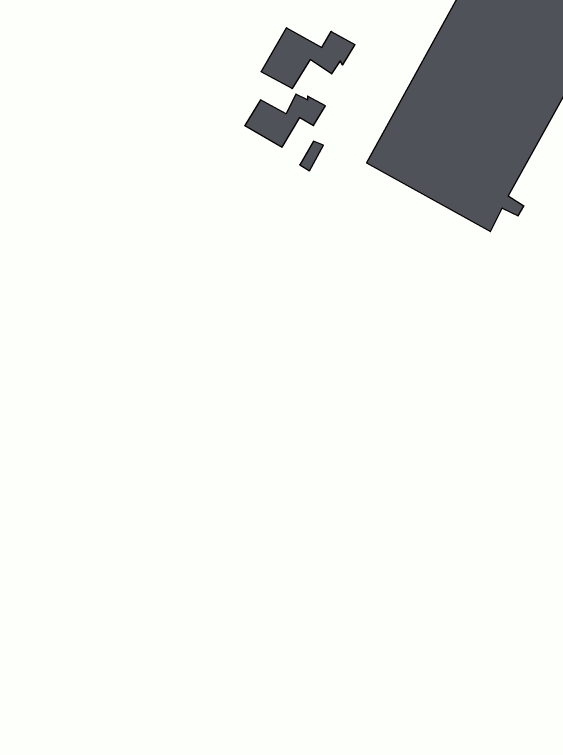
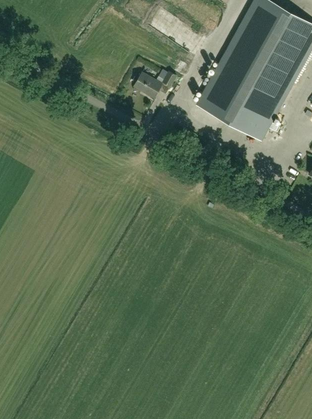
building: [261,28,355,89] -> none

